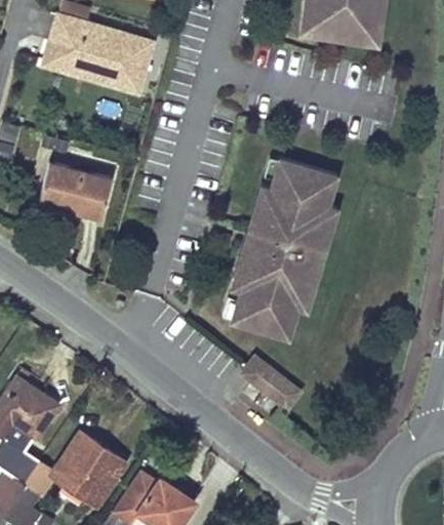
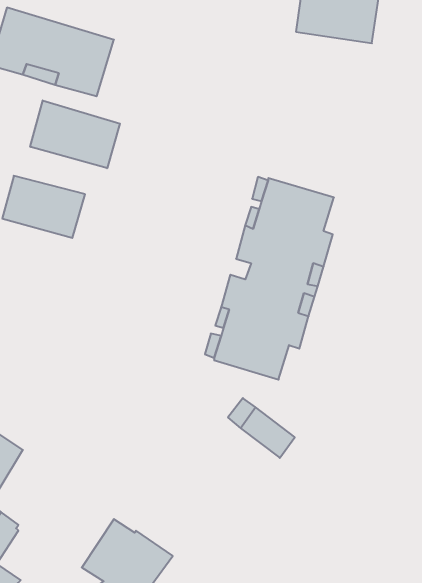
building: none -> [30,100,120,168]
building: [52,432,125,503] -> none

